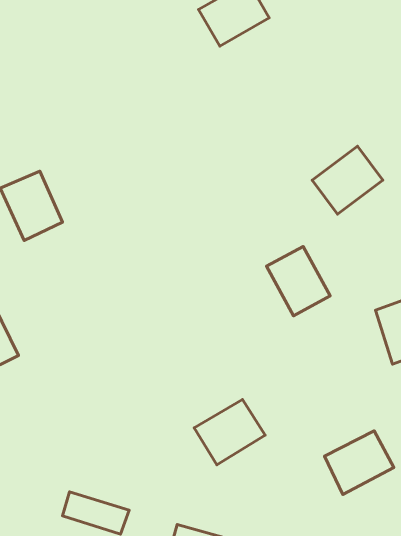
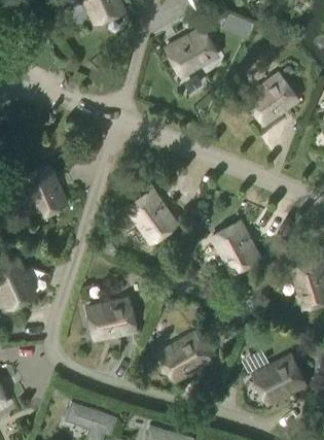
building: [312,146,383,214] -> [245,73,296,123]
building: none -> [128,190,176,241]
building: none -> [85,304,133,344]

